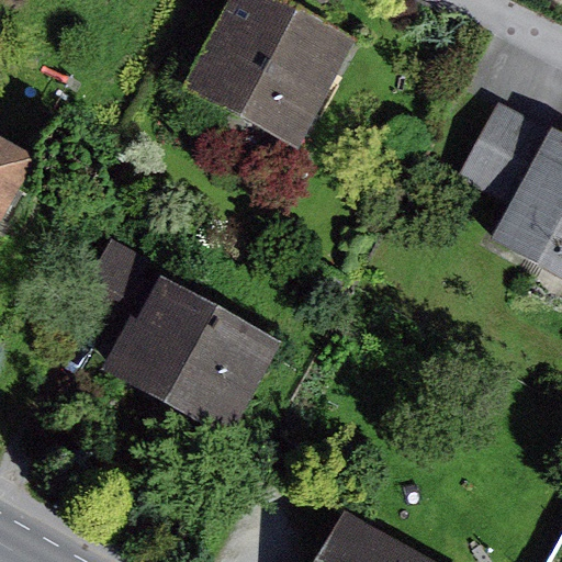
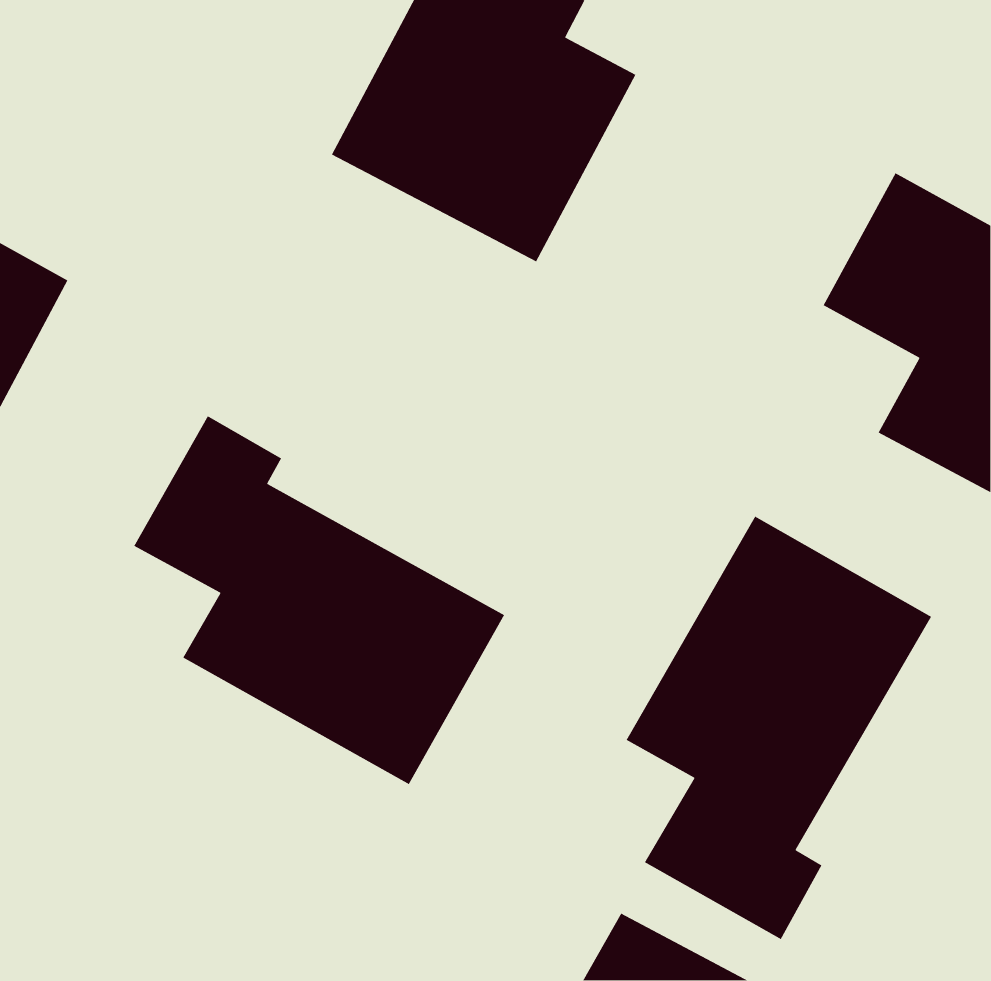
building: none -> [626,515,932,940]

